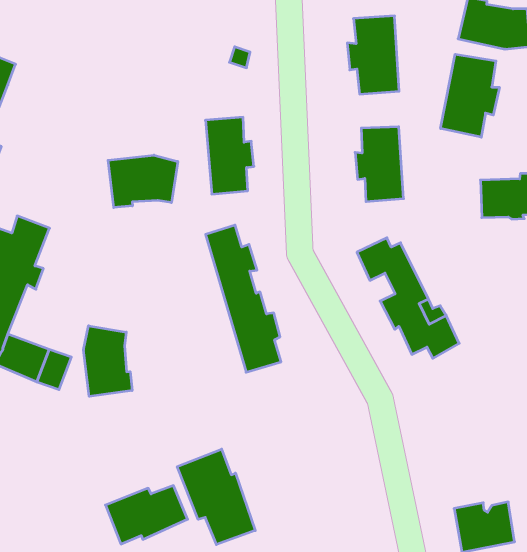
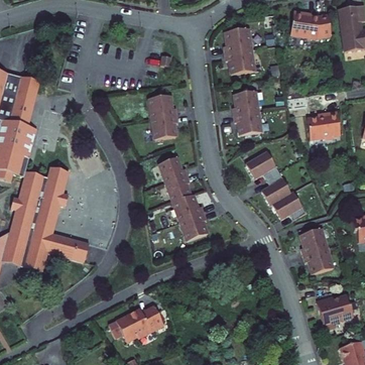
building: [441,54,499,137] -> none
building: [108,155,178,208] -> none
building: [84,326,132,396] -> none
building: none -> [298,228,332,274]
building: [177,449,255,545] -> none

